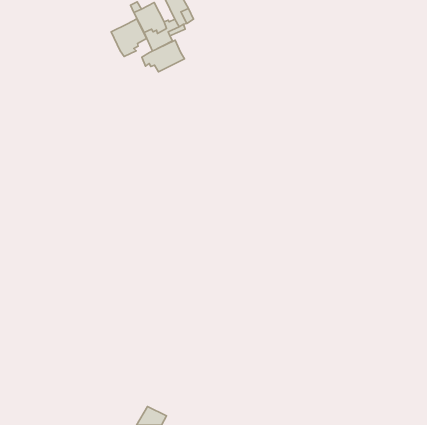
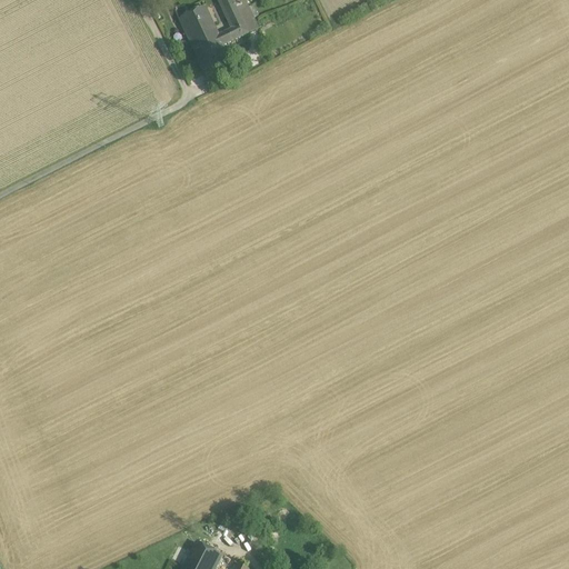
building: [111,19,147,57] -> none
building: [142,40,184,72] -> none

